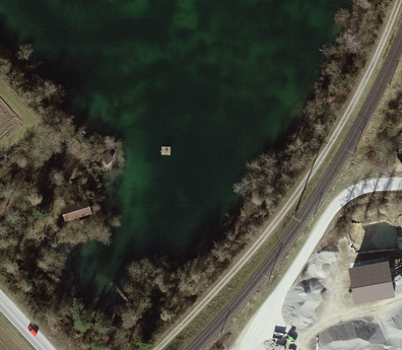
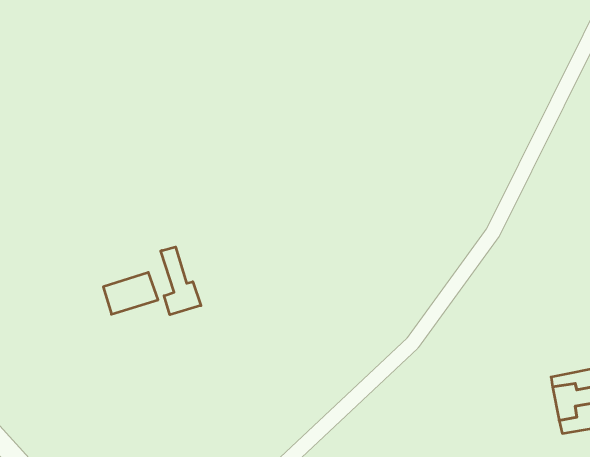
building: none -> [161,247,201,315]

